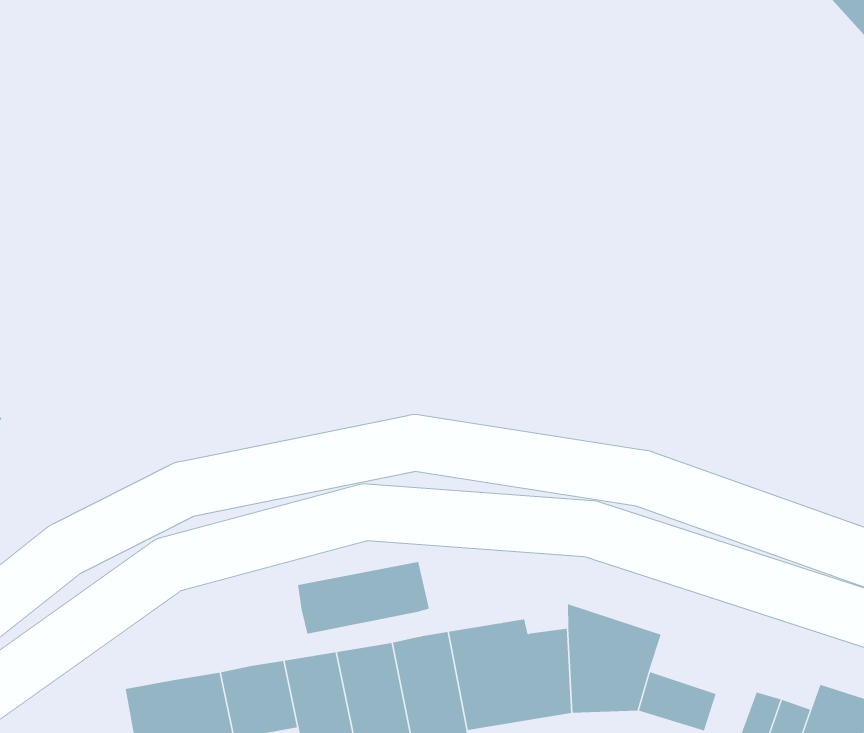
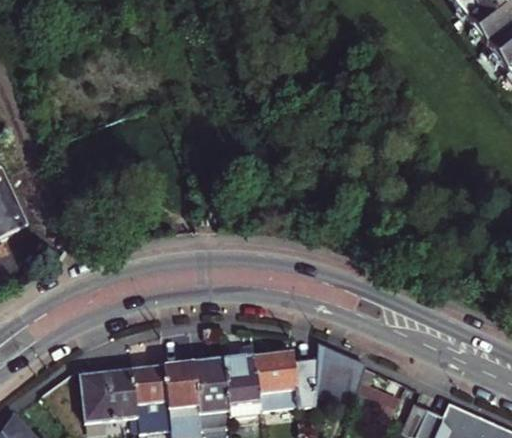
building: [297,561,430,635] -> none

